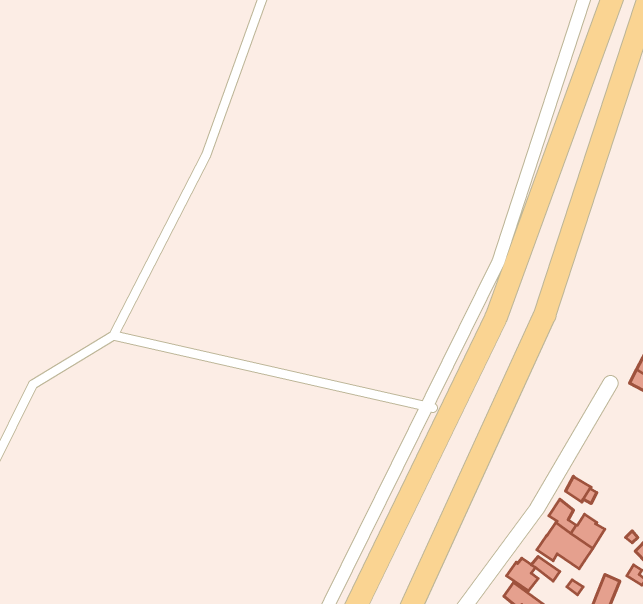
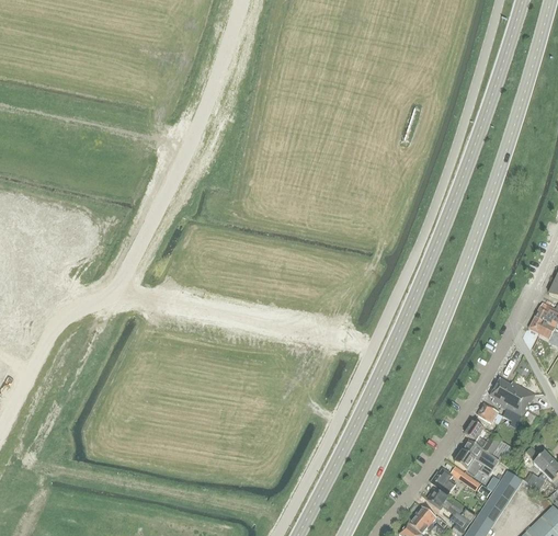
building: none -> [489,378,533,418]

